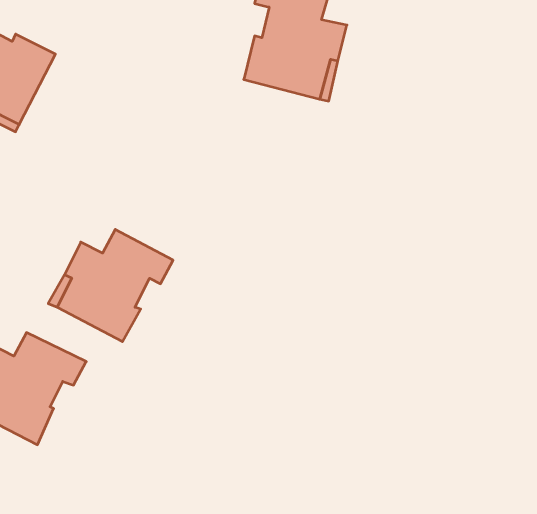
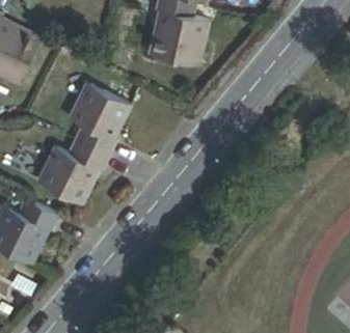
building: none -> [69,85,129,157]

